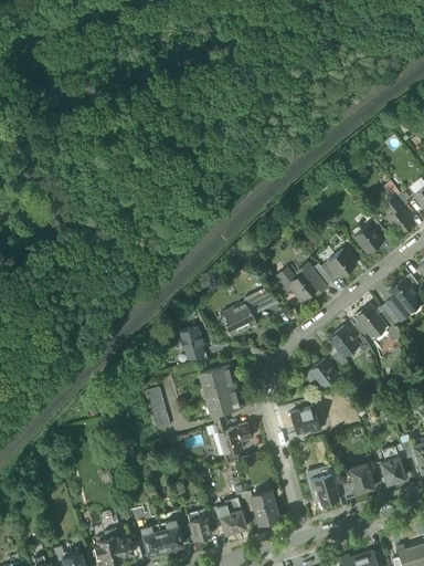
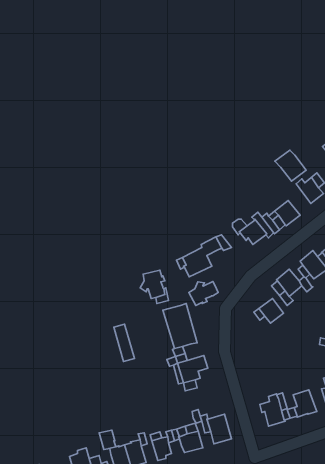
building: none -> [275,150,306,181]
building: none -> [189,281,218,306]
building: [290,407,319,436] -> none

